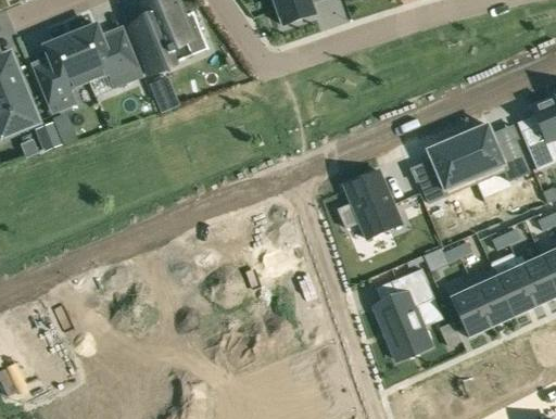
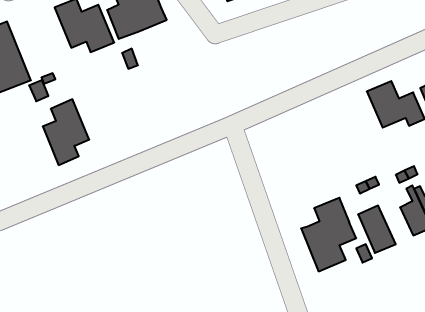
building: [31,31,89,113] -> [43,99,89,165]
building: [416,136,475,201] -> none
building: [337,169,401,238] -> none
building: [469,267,513,325] -> none

